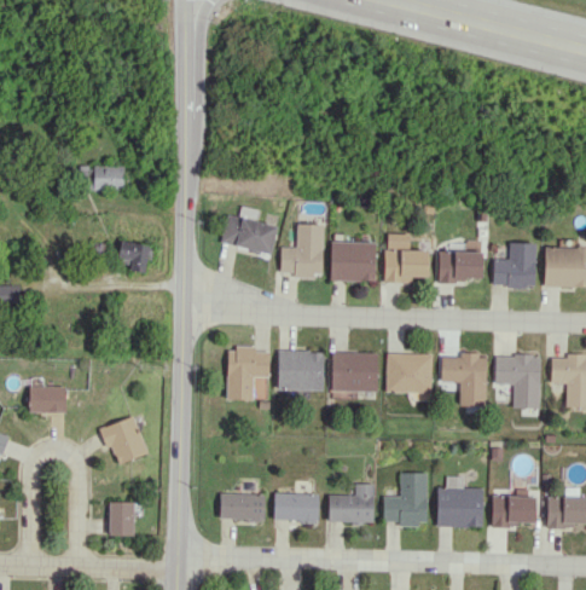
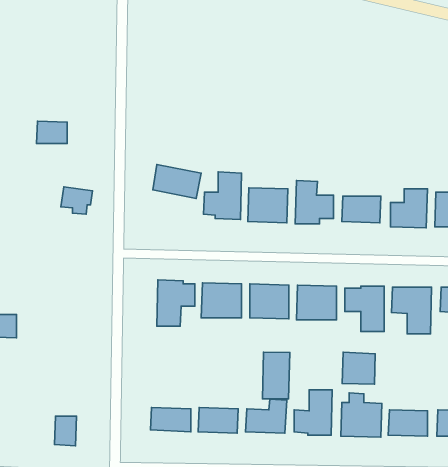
building: [100,416,149,464] -> none
building: none -> [342,352,375,384]
building: none -> [263,352,290,399]

